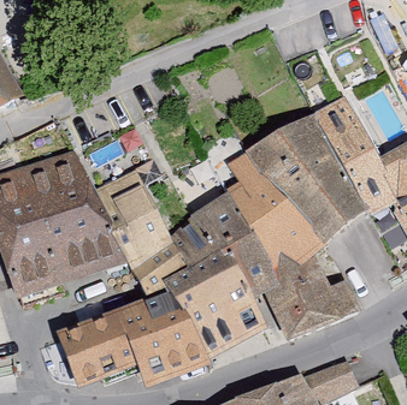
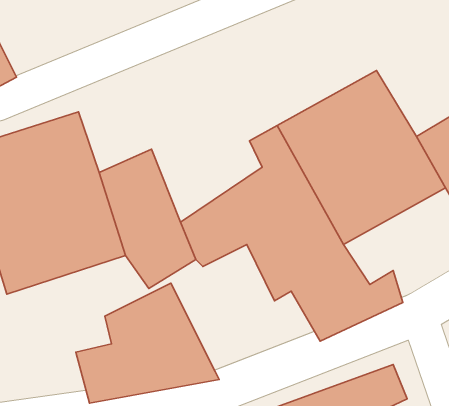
building: [157,255,261,365] -> none

